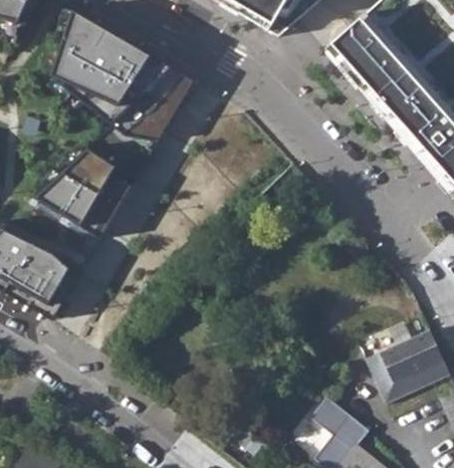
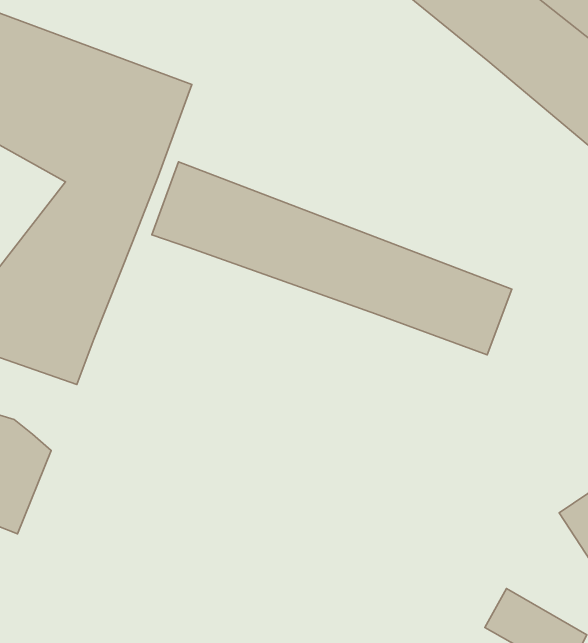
building: none -> [152,162,512,355]

